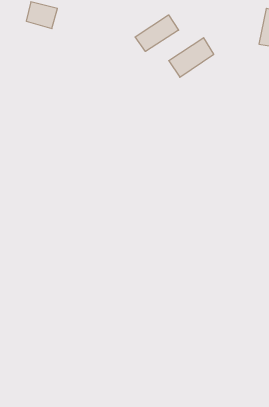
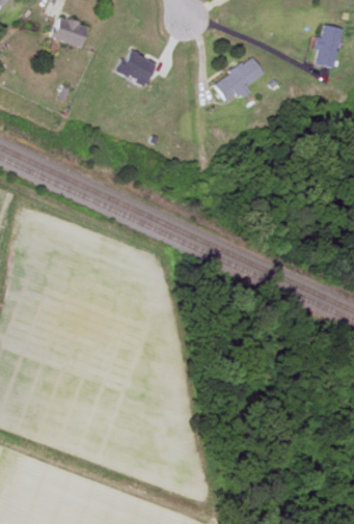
building: [135,15,179,51] -> none
building: none -> [116,47,158,86]

